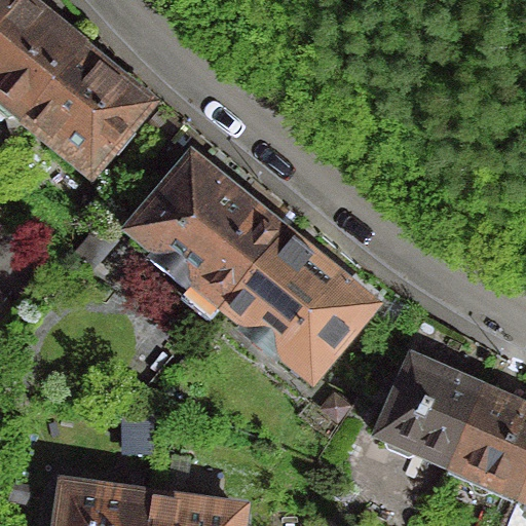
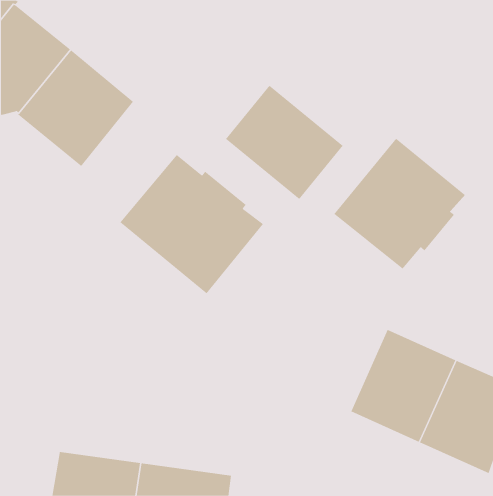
building: none -> [225,85,344,200]
building: none -> [334,138,466,270]
building: [222,237,370,382] -> none

